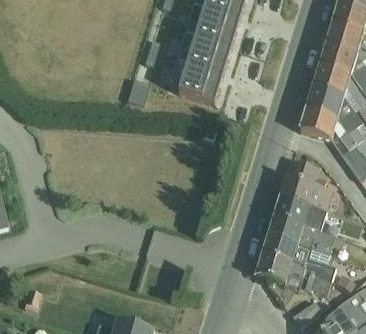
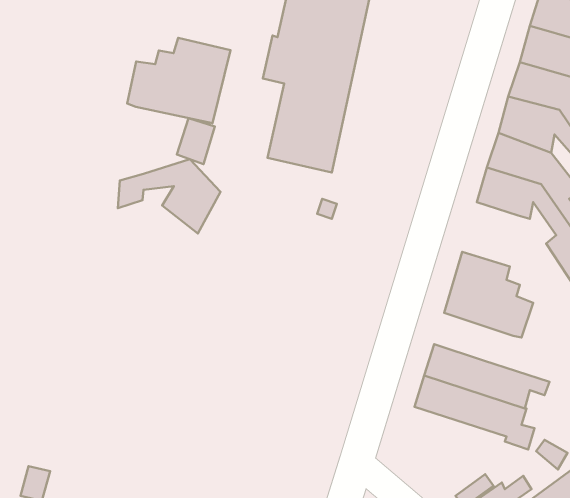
building: none -> [127,38,231,123]
building: none -> [118,159,220,233]
building: [274,196,322,225] -> none
building: [257,253,331,293] -> none

